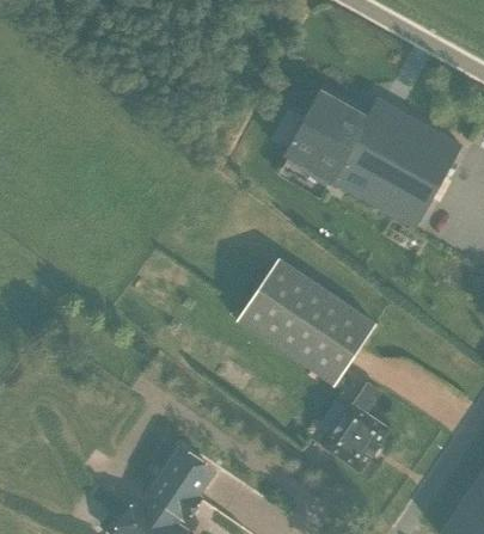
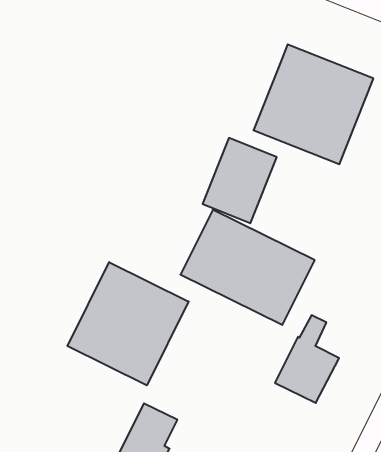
building: [284,91,367,182] -> [203,138,277,223]
building: none -> [67,262,189,385]

